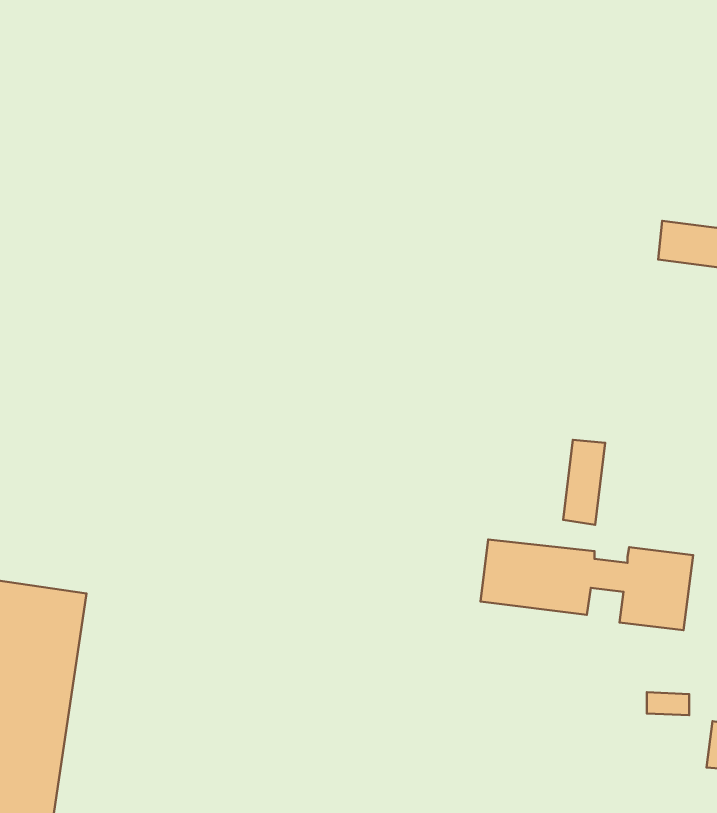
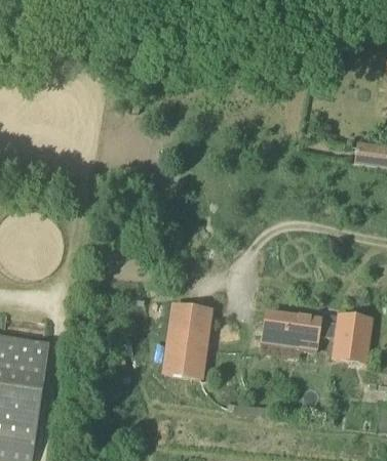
building: [563,440,605,525] -> none
building: none -> [161,303,212,380]

